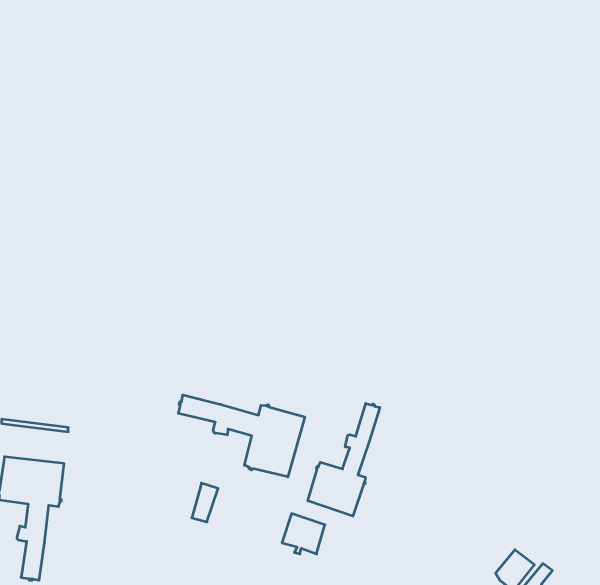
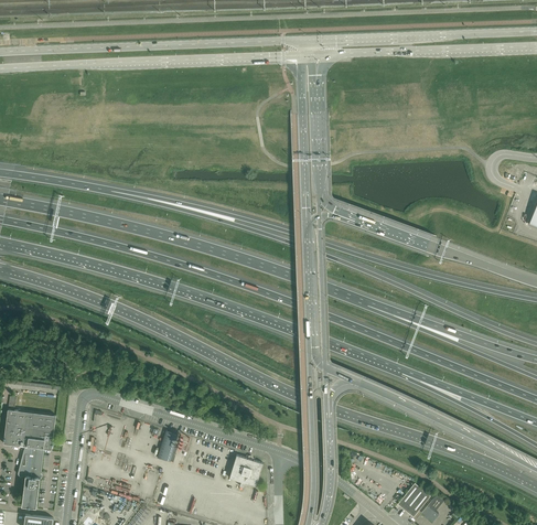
building: [178,395,305,477] -> none
building: [308,403,380,516] -> none

